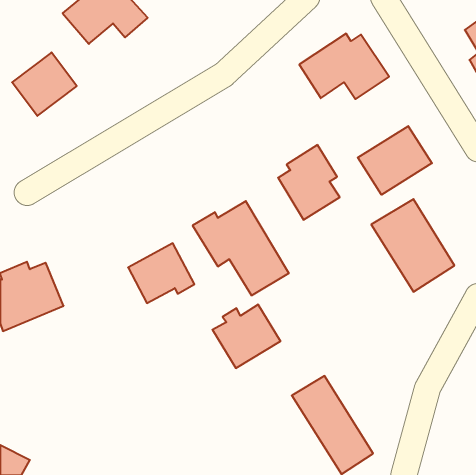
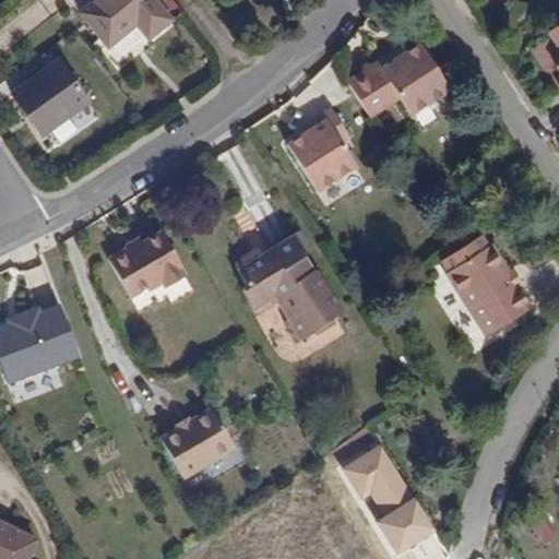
building: [358,126,432,195] -> none
building: [278,145,340,220] -> [289,106,361,193]
building: [128,243,194,303] -> [105,230,182,300]
building: [212,305,281,368] -> [155,409,235,484]

